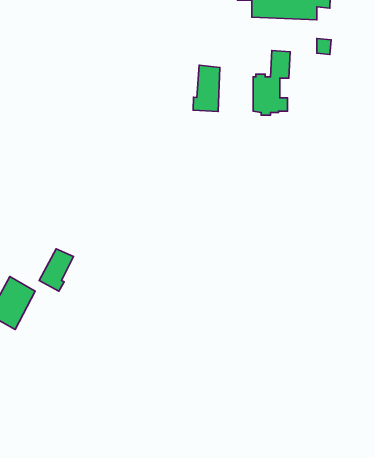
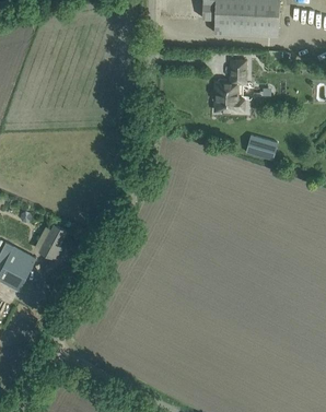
building: [193,65,220,111] -> none
building: none -> [245,136,277,161]

